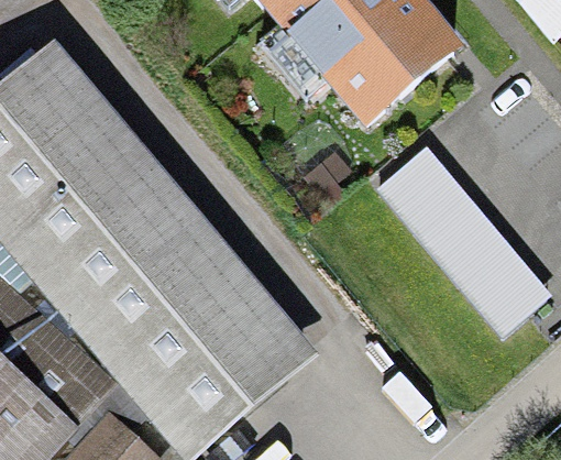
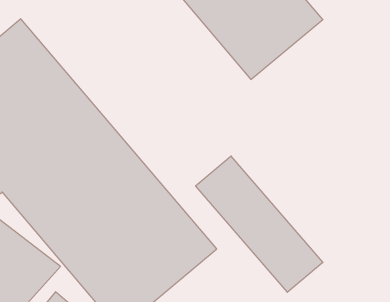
building: [377,151,550,336] -> [196,156,323,292]

